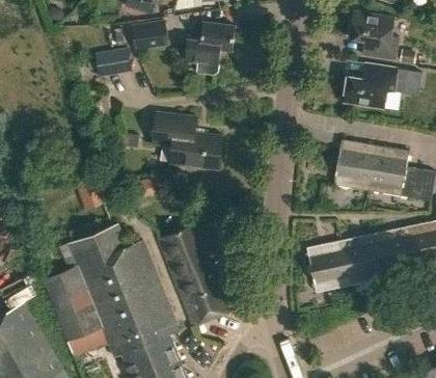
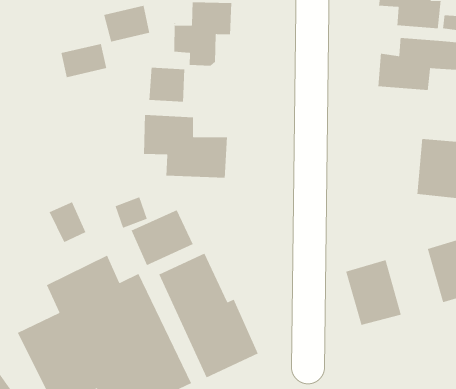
building: none -> [149,67,185,102]
building: [334,139,376,190] -> none
building: none -> [131,209,194,266]
building: [340,234,383,286] -> none

